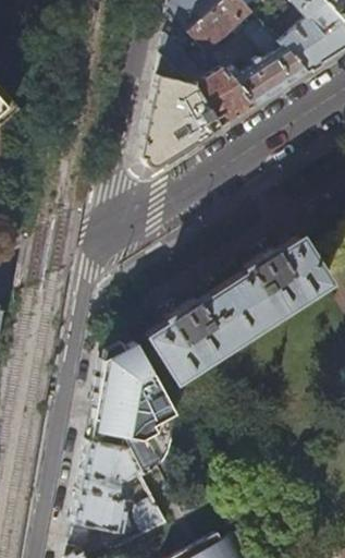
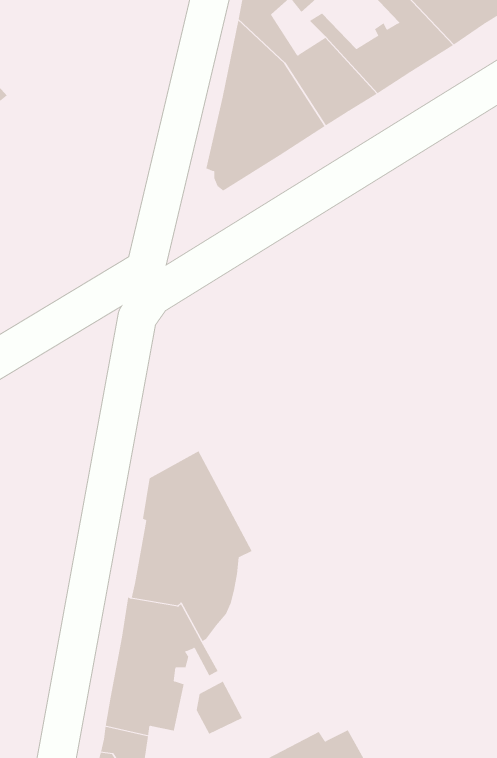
building: [145,238,329,380] -> none

